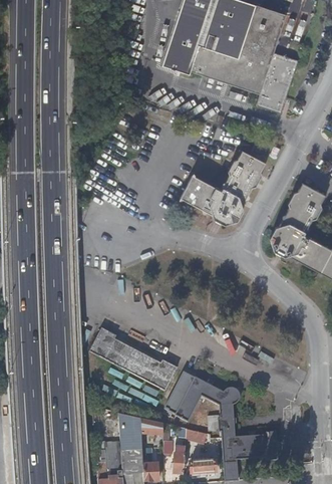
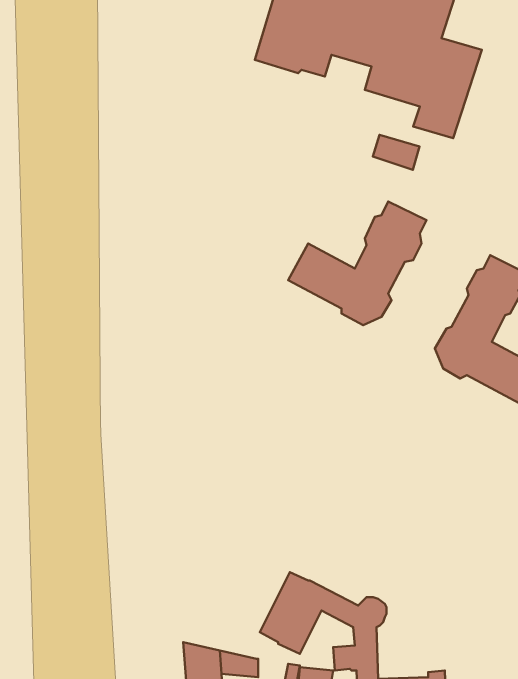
building: [203,60,231,81] -> [373,135,420,170]
building: [88,327,177,391] -> none

